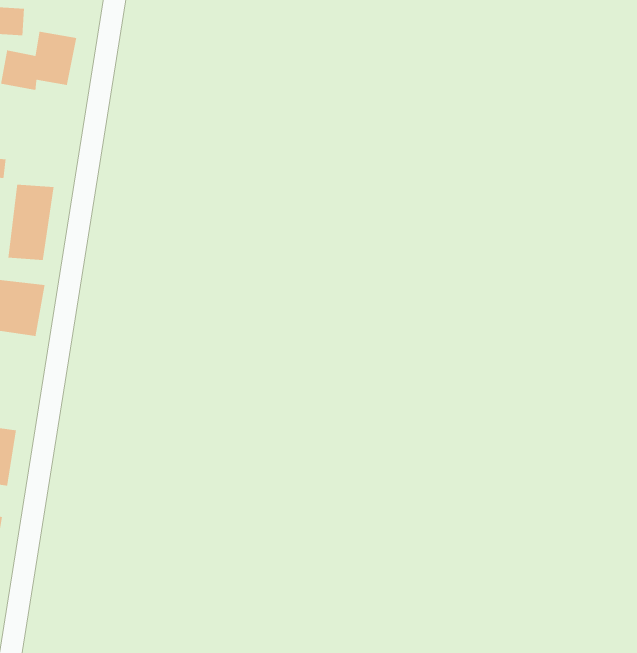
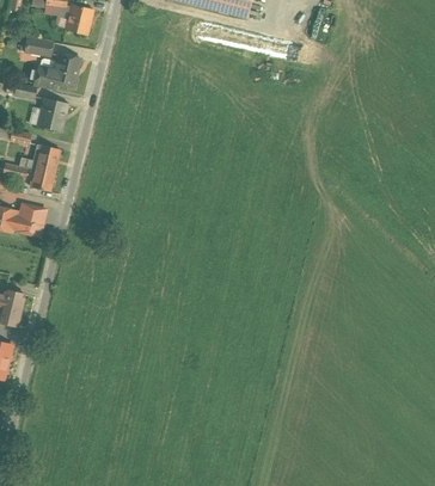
building: none -> [39,100,68,129]

